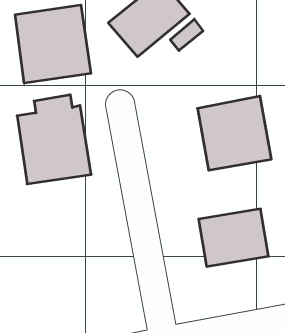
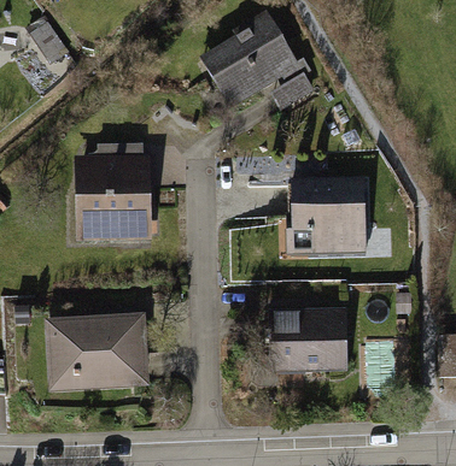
building: [15,5,91,83] -> none
building: none -> [36,312,148,393]

